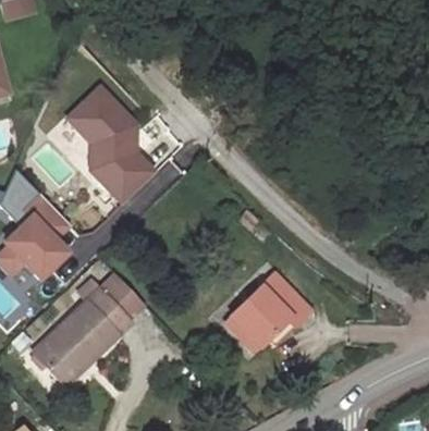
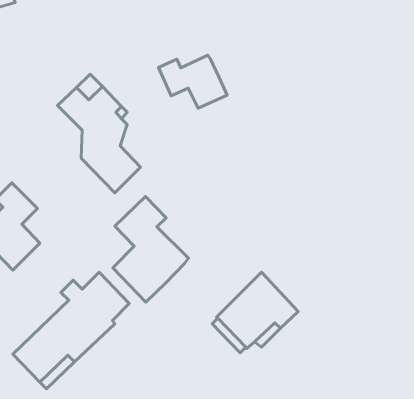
building: none -> [159,55,227,108]
building: none -> [113,196,189,302]

